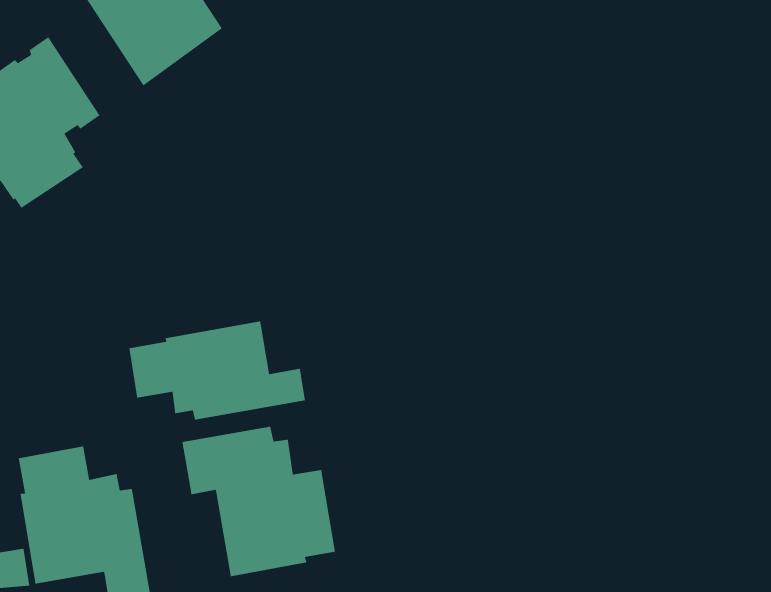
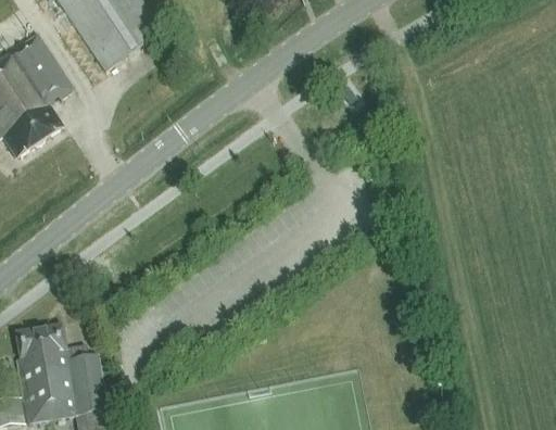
building: [128,321,306,420] -> none
building: [182,426,336,577] -> none

